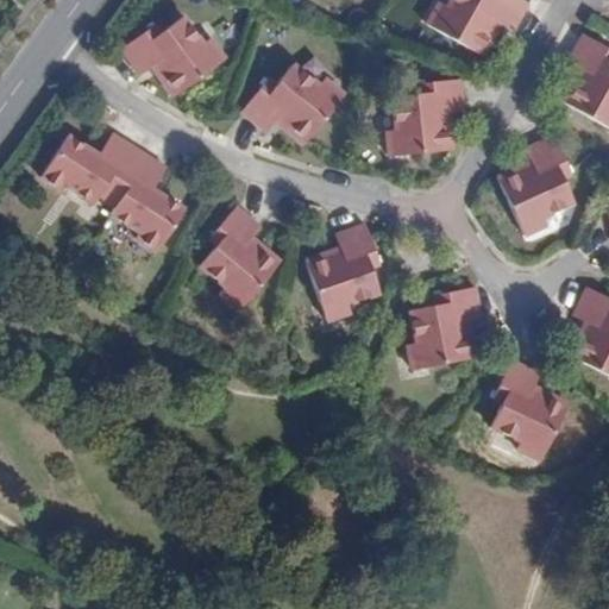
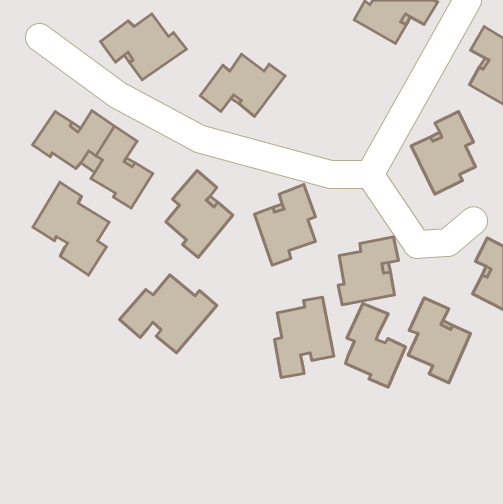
building: [388,79,464,155] -> none
building: none -> [33,182,109,275]
building: none -> [120,275,217,353]
building: none -> [274,297,334,377]
building: none -> [346,303,406,387]

